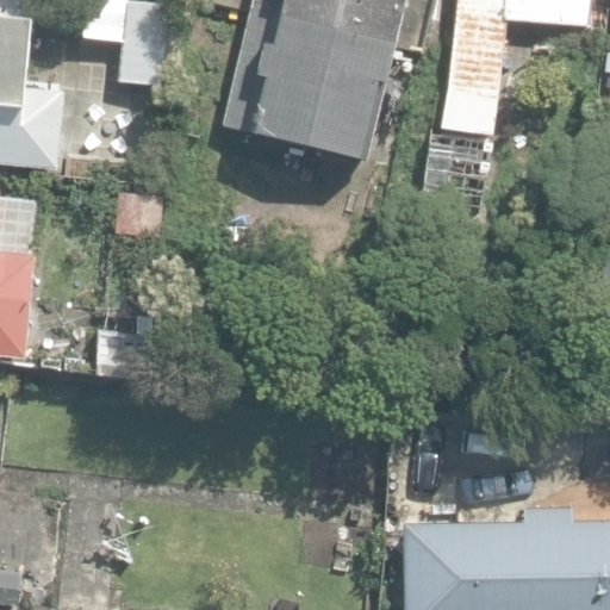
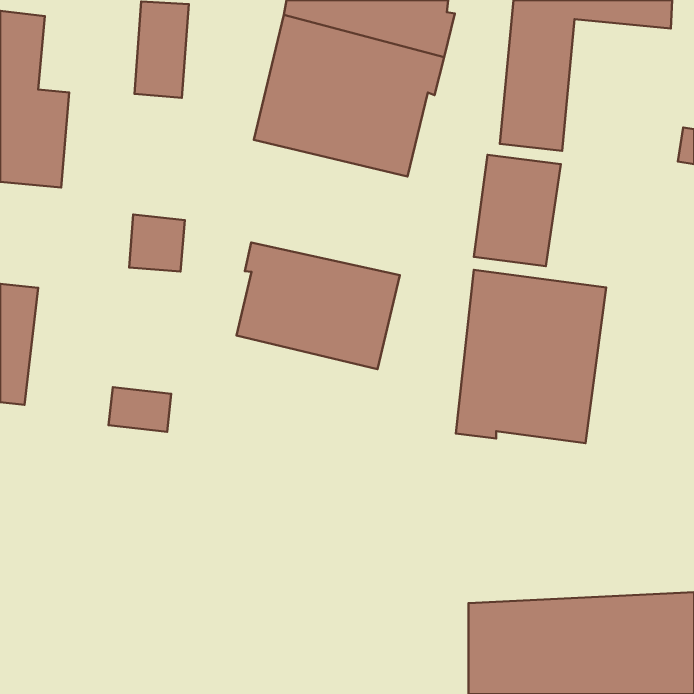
building: none -> [236,242,400,369]
building: none -> [456,270,606,443]

